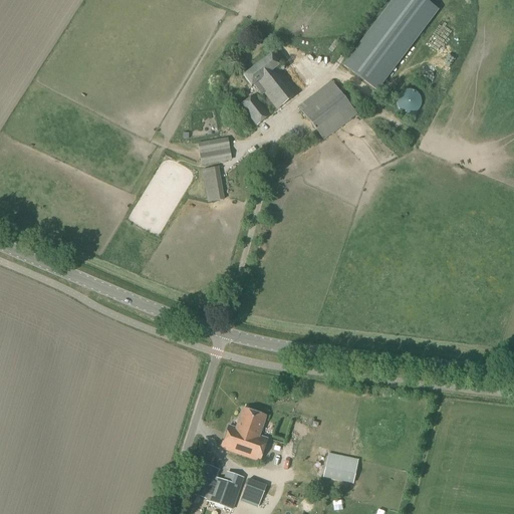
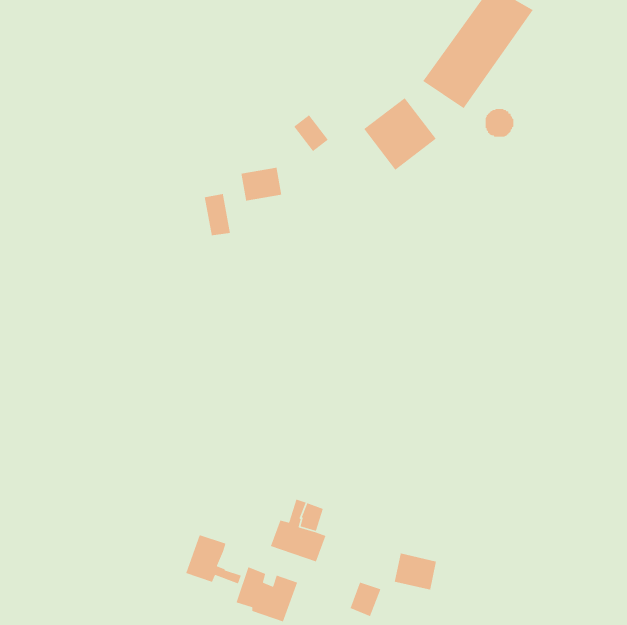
building: [243,46,298,108] -> none
building: [202,166,224,201] -> [204,193,231,236]
building: none -> [185,534,242,584]
building: [240,478,266,507] -> [350,581,381,617]

